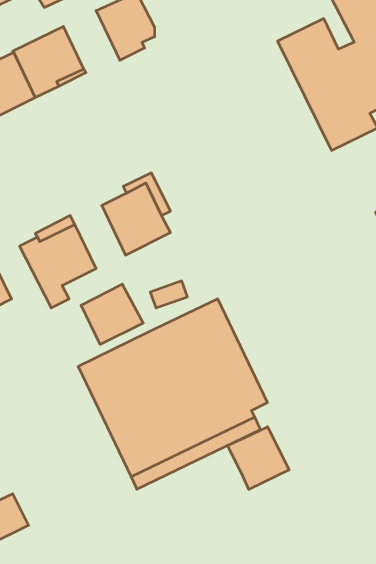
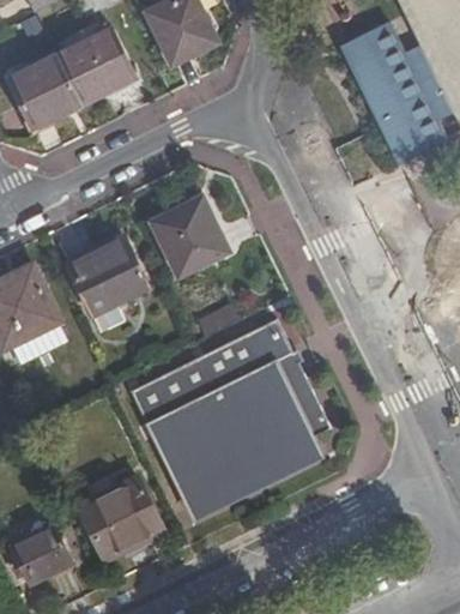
building: [81,284,143,344] -> none
building: [228,427,289,489] -> none
building: none -> [80,478,164,559]

